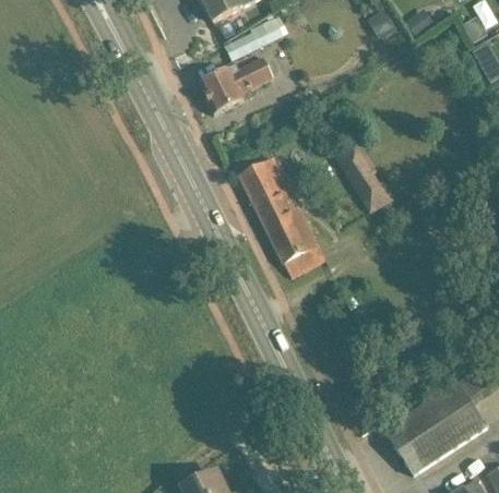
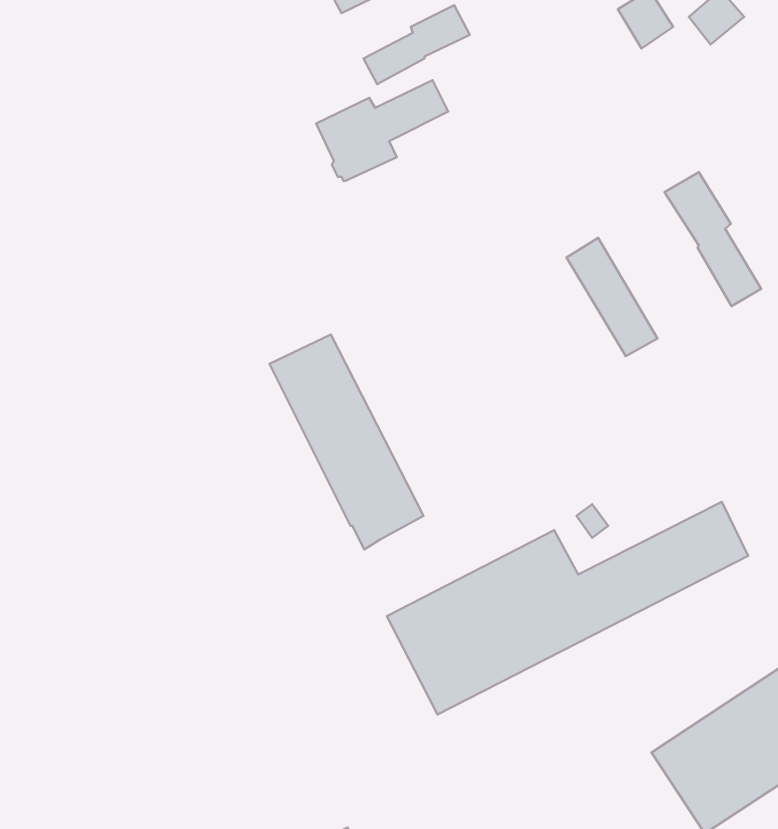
building: none -> [664,172,761,306]
building: [239,158,324,277] -> [270,334,423,549]
building: none -> [387,502,748,715]

